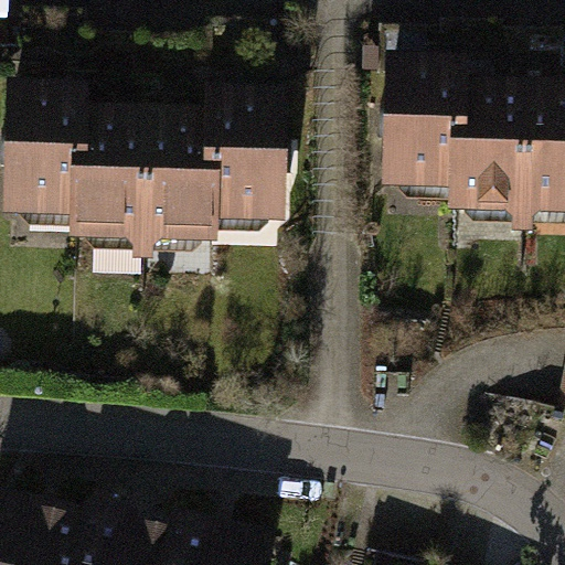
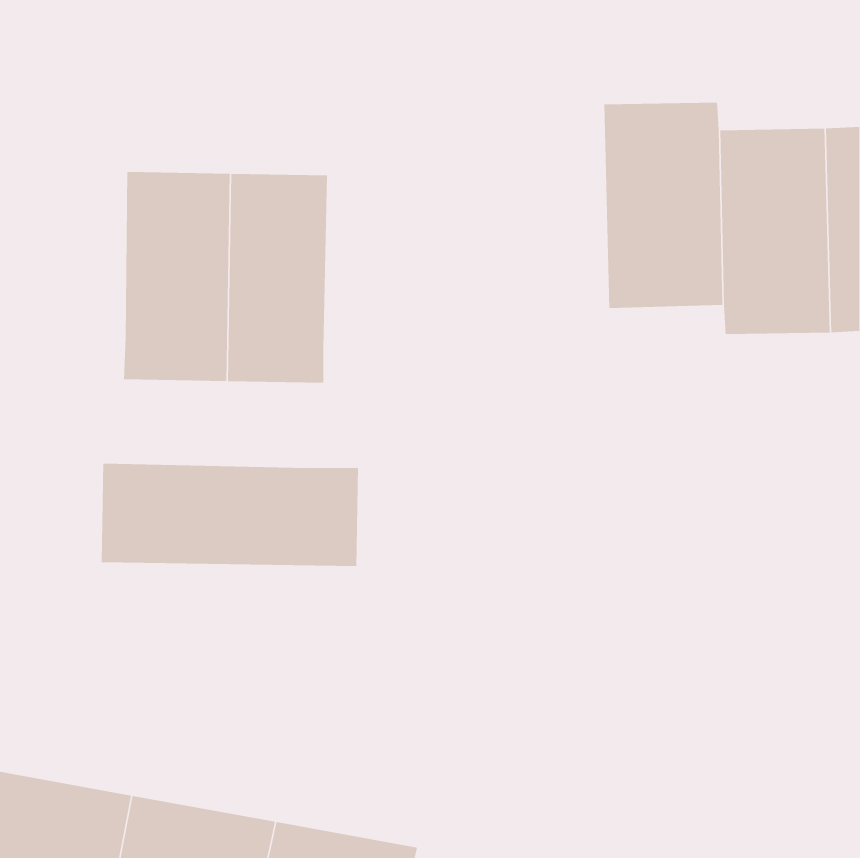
building: [7,104,81,233] -> none
building: [206,114,282,241] -> none
building: none -> [101,463,359,567]

